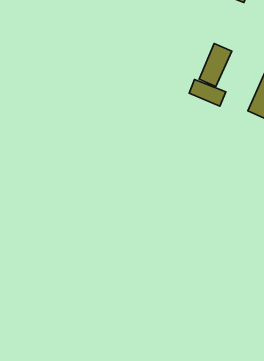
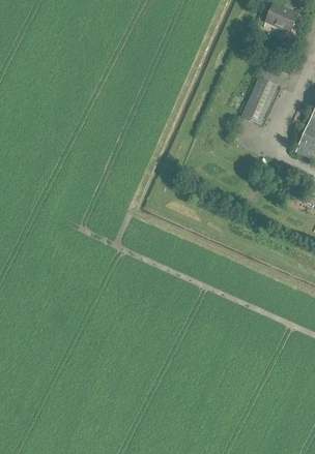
building: [189,79,226,106] -> none

